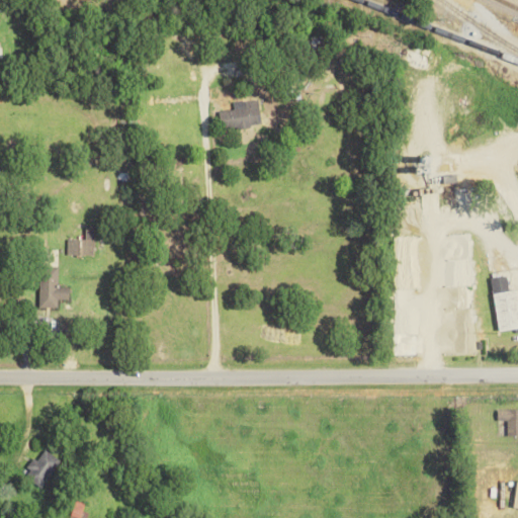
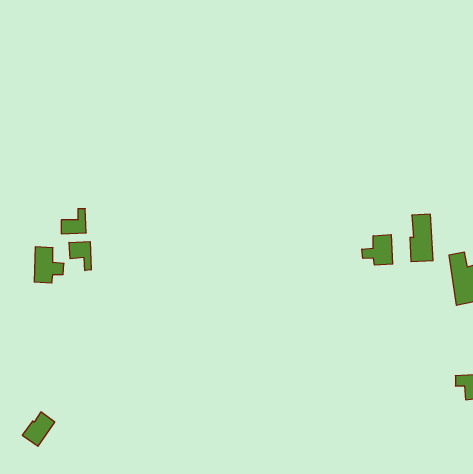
building: [221,99,263,130] -> none
building: none -> [362,235,393,265]
building: none -> [69,242,91,271]

